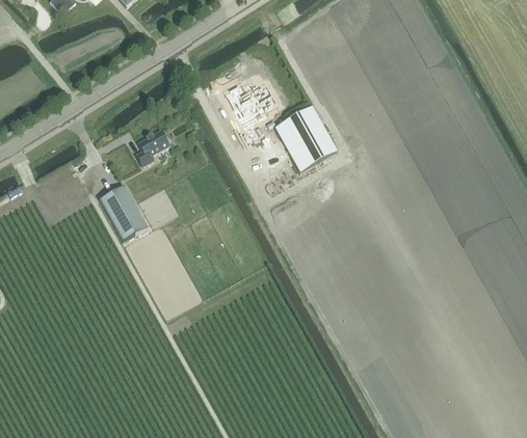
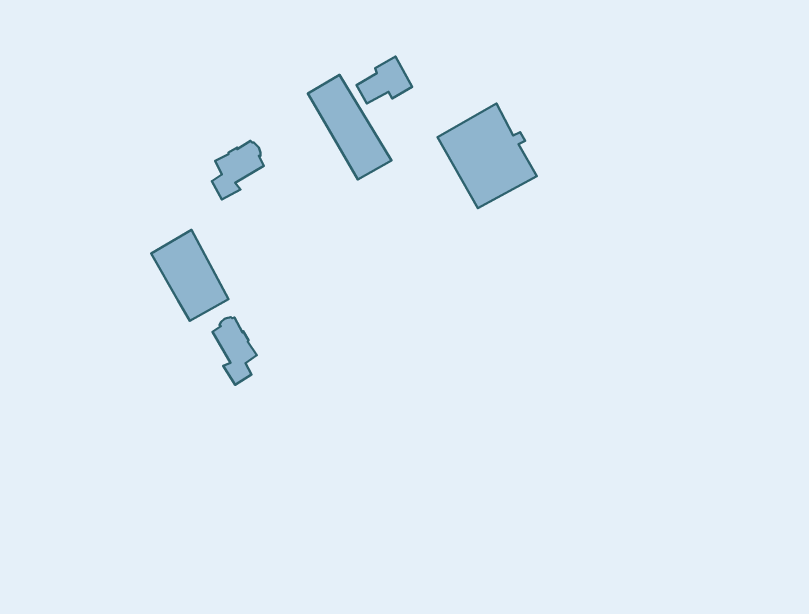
building: none -> [308,75,391,179]
building: none -> [212,317,257,385]

